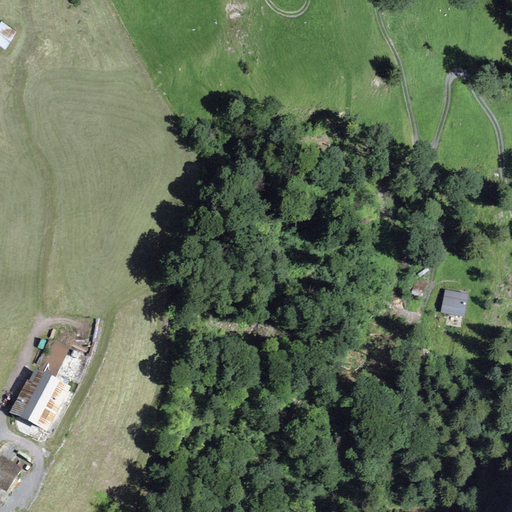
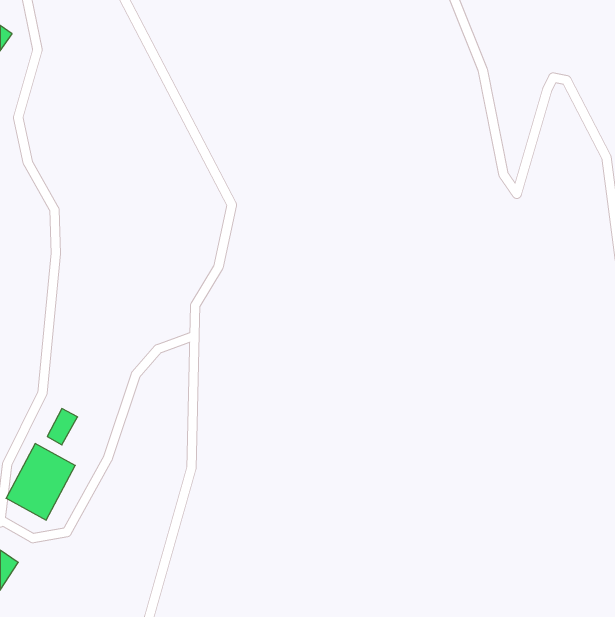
building: [440,292,470,318] -> none

